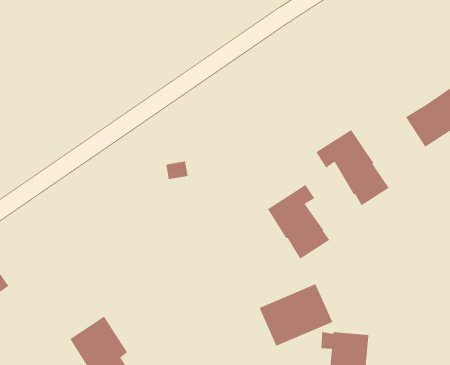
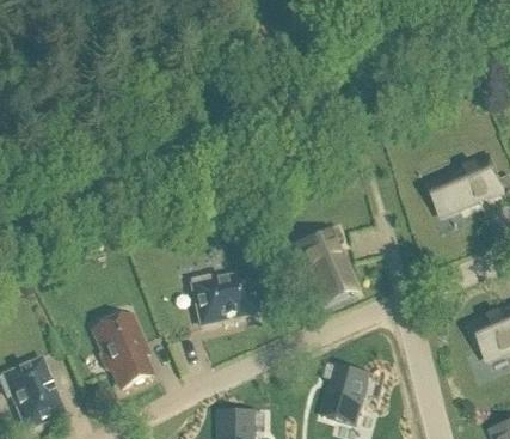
building: [315,129,390,206] -> none
building: [259,283,333,347] -> [191,273,257,324]

